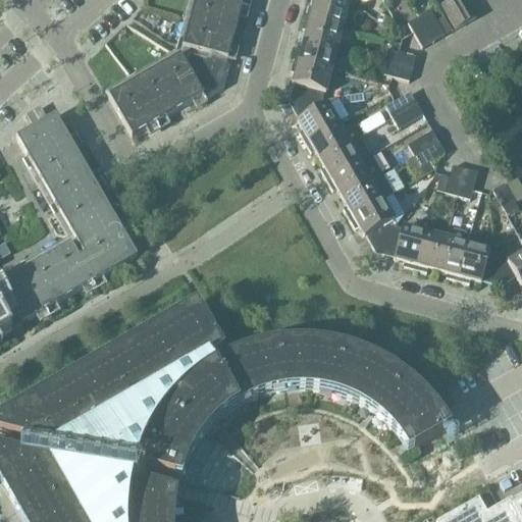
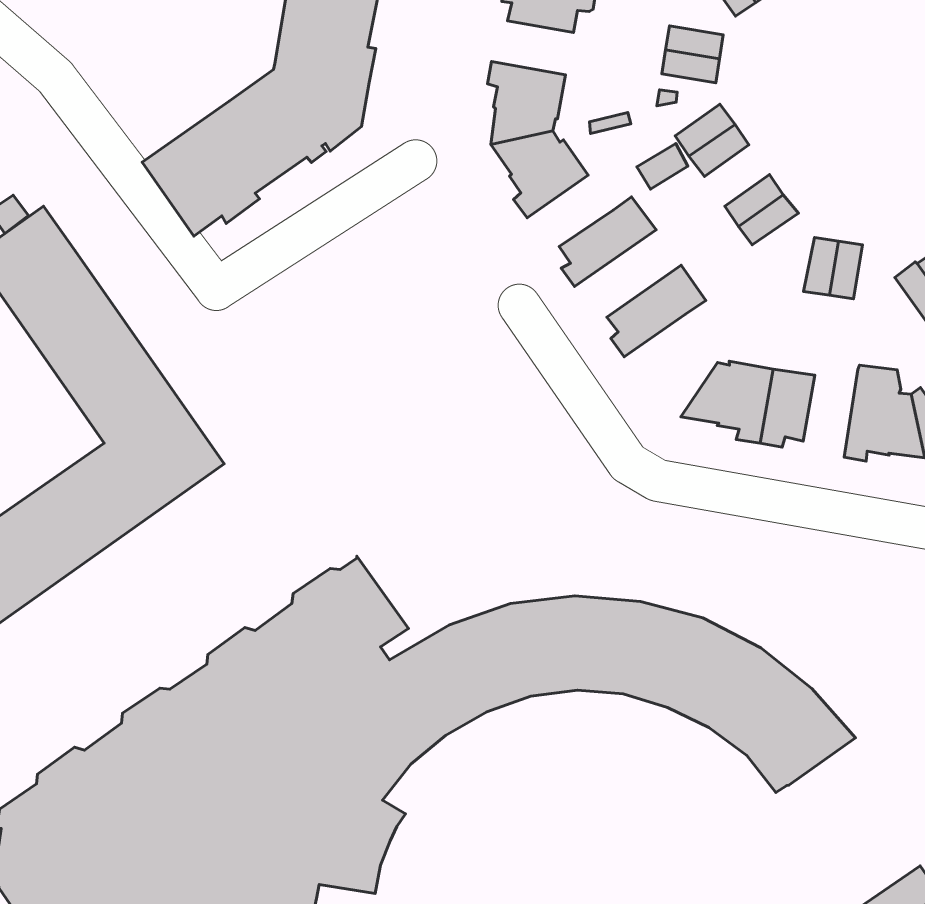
building: [294,35,337,65] -> none
building: [305,118,350,154] -> none
building: [326,150,382,193] -> none
building: [349,195,397,248] -> none
building: [437,224,469,276] -> none

